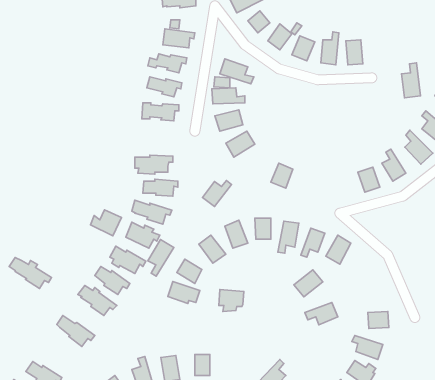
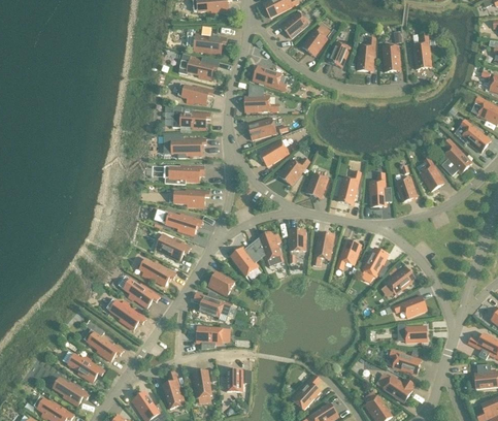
building: [401,63,420,98] -> [412,33,432,69]
building: none -> [171,138,206,155]
building: none -> [337,170,361,204]
building: none -> [369,172,387,206]
building: [202,180,231,206] -> [279,158,309,185]
building: [90,210,122,236] -> none
building: [148,239,174,276] -> none
building: [9,257,51,288] -> [62,350,105,382]
building: [294,270,323,297] -> [386,266,416,294]
building: [219,290,244,312] -> [197,326,223,349]
building: [305,303,338,325] -> [393,295,427,318]

